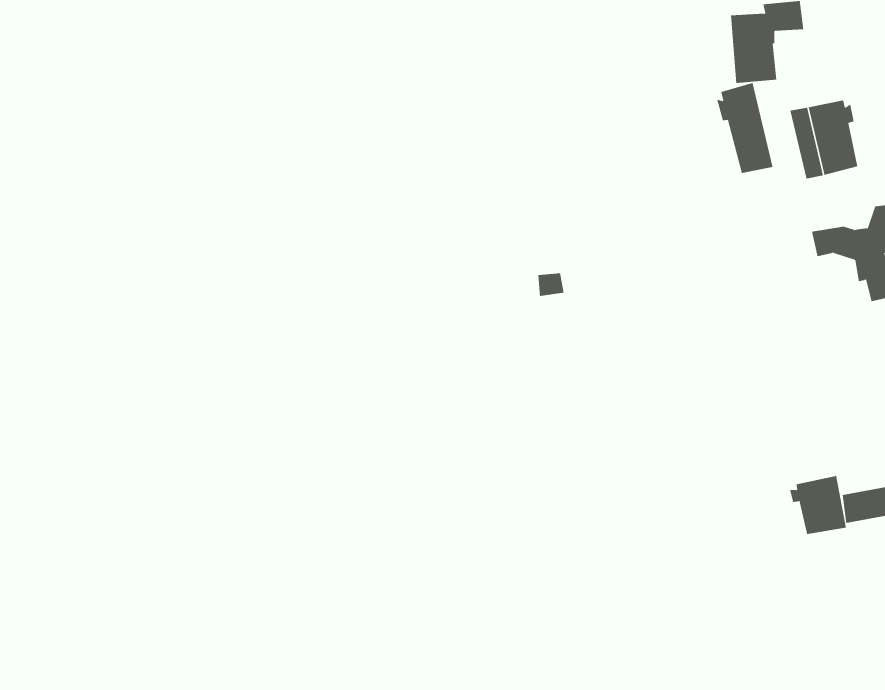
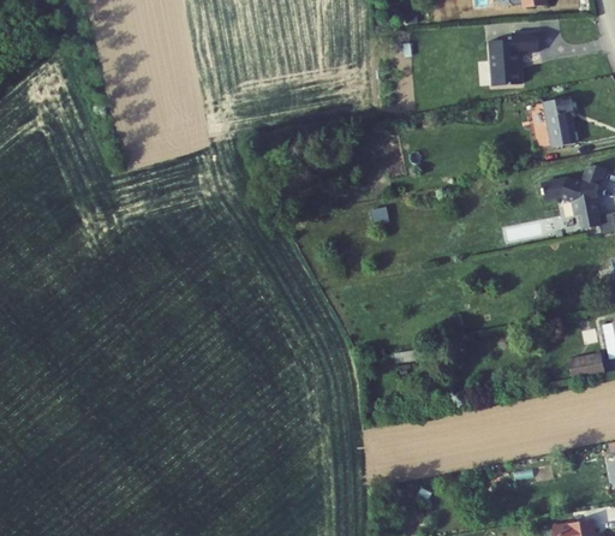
building: [717,82,773,174] -> none
building: [790,475,846,535] -> none

